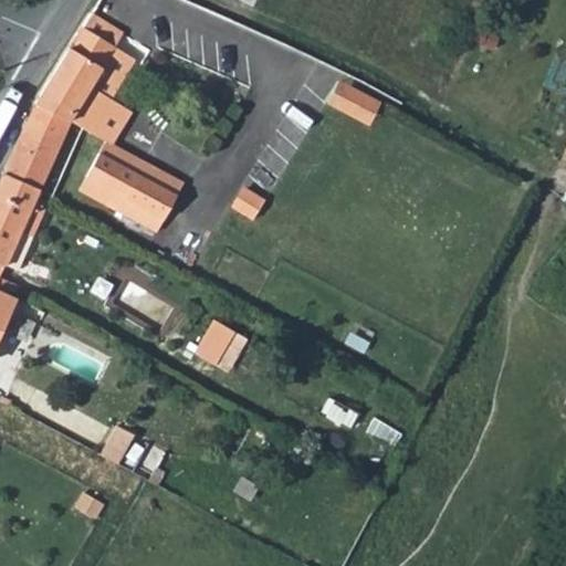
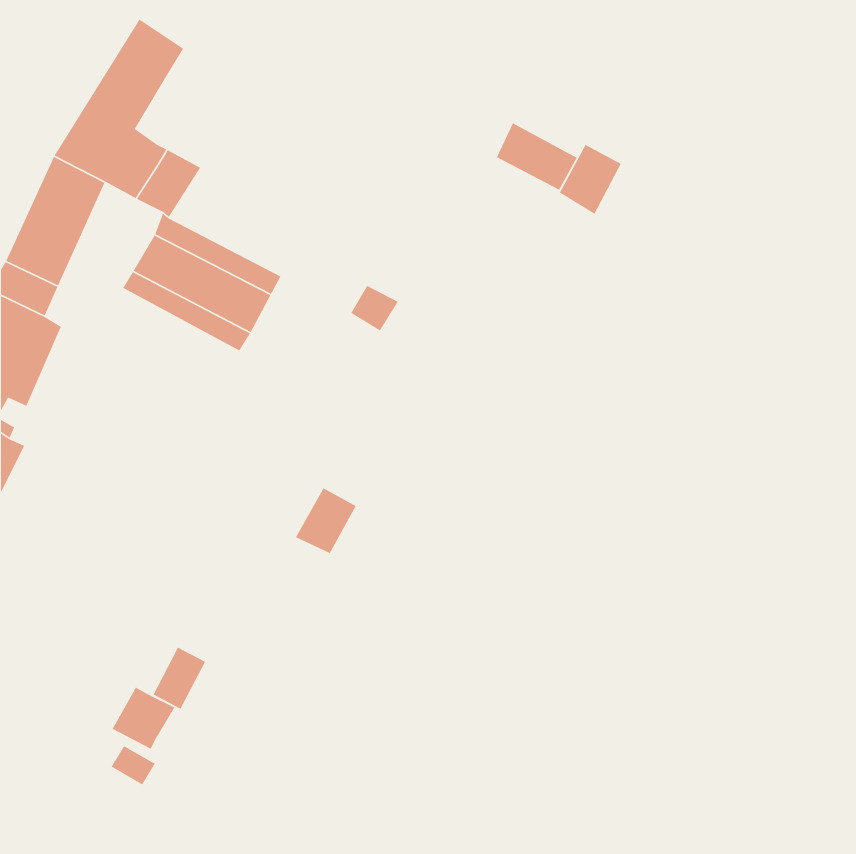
building: [90,46,134,98] -> none
building: none -> [559,144,622,215]
building: none -> [111,686,175,750]

